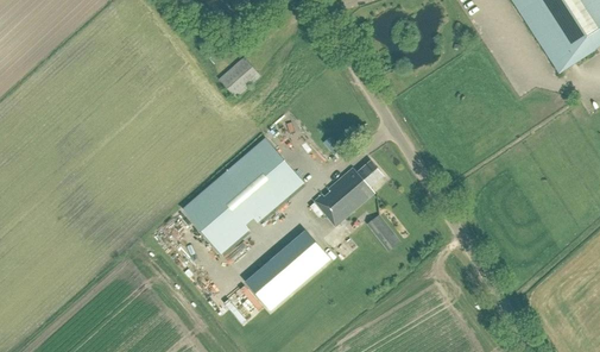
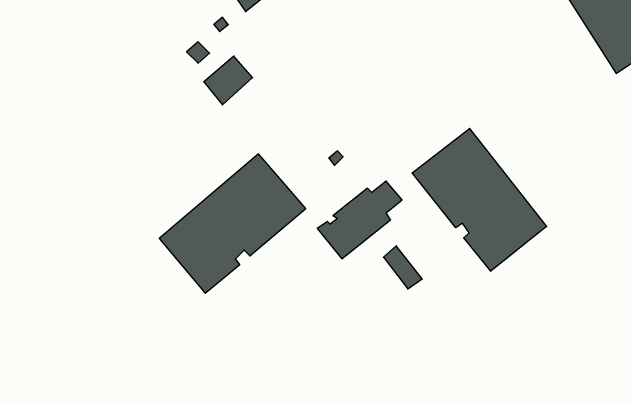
building: none -> [412,128,547,271]
building: [245,230,329,309] -> none

